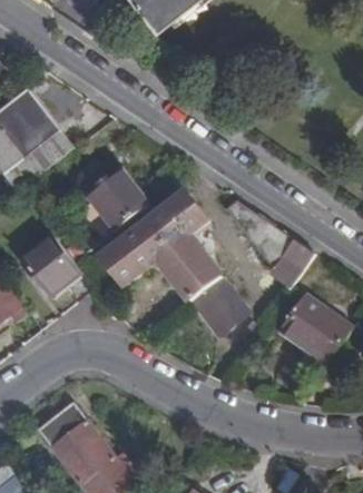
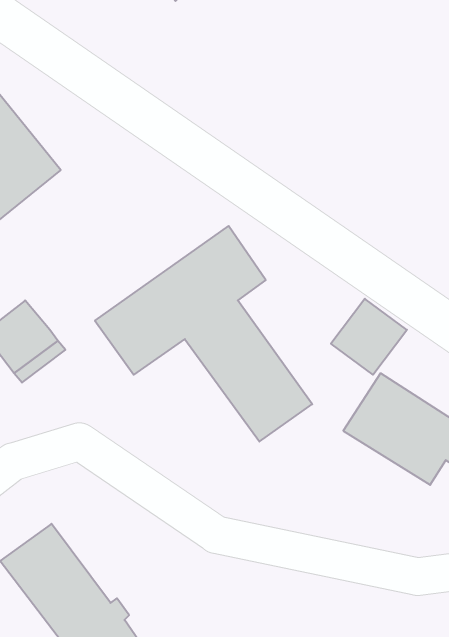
building: [87,165,157,235] -> none

